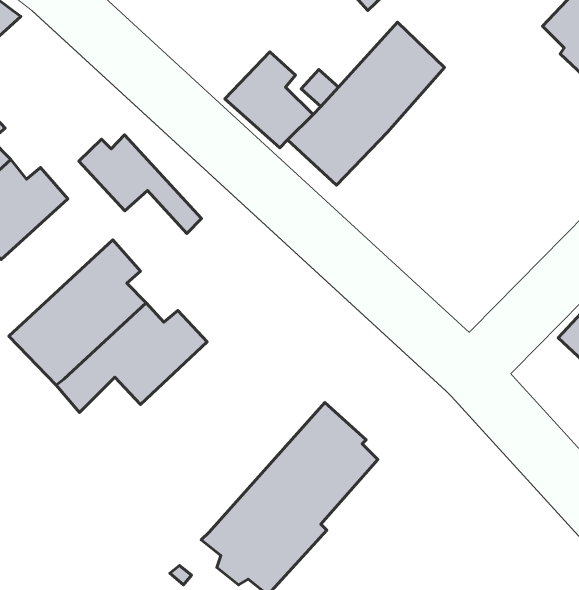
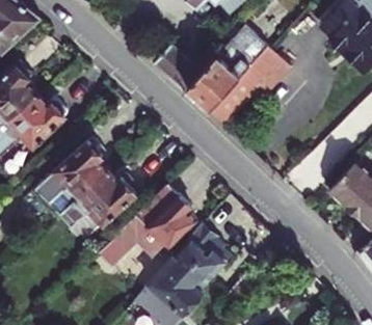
building: none -> [207,47,290,127]
building: [79,135,202,234] -> none
building: none -> [103,186,194,263]

